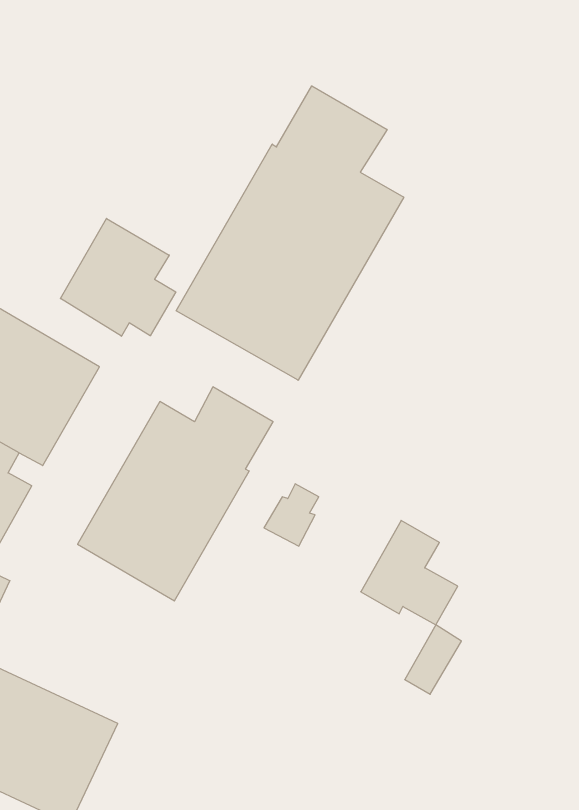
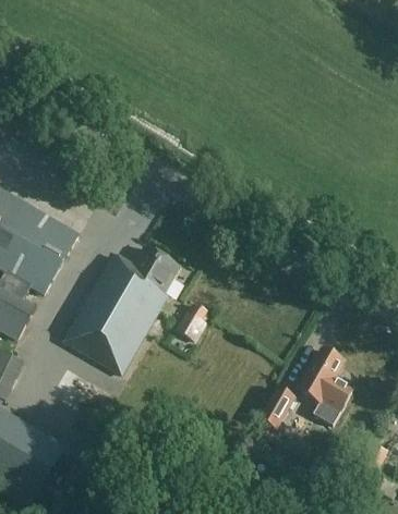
building: [176,86,404,380] -> none
building: [60,218,176,336] -> none
building: [361,520,458,625] -> [297,350,354,412]

